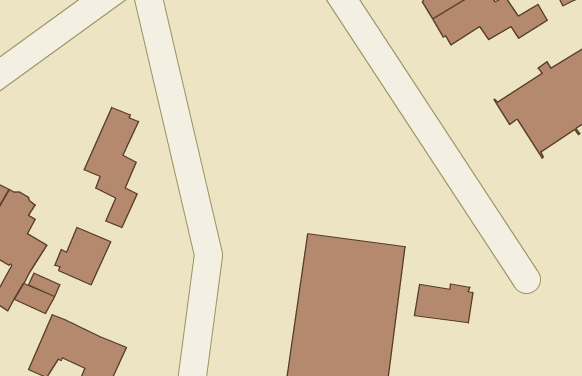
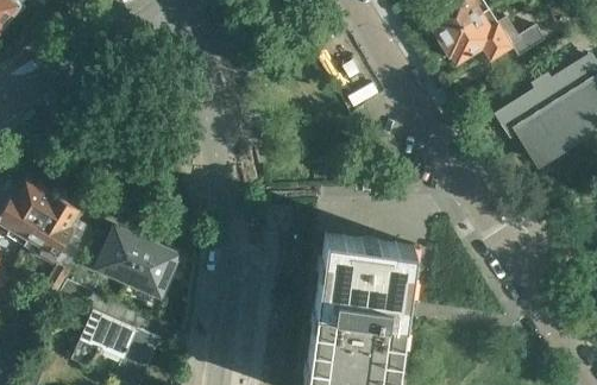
building: [84,107,138,228] -> none
building: none -> [127,241,176,294]
building: [415,284,473,323] -> none

